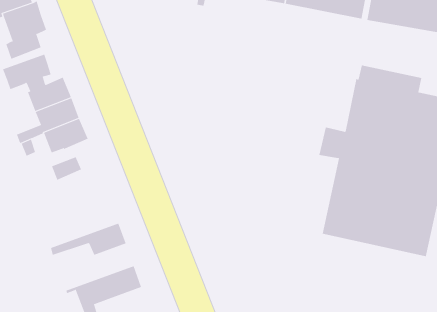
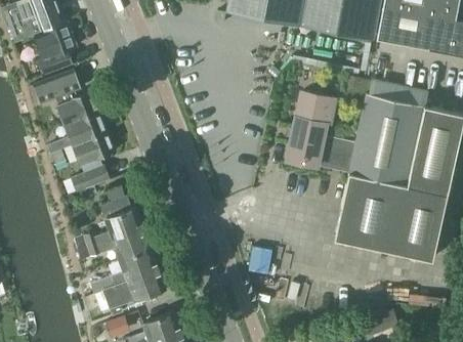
building: none -> [286,94,337,168]
building: none -> [74,198,143,254]
building: none -> [90,250,158,294]

